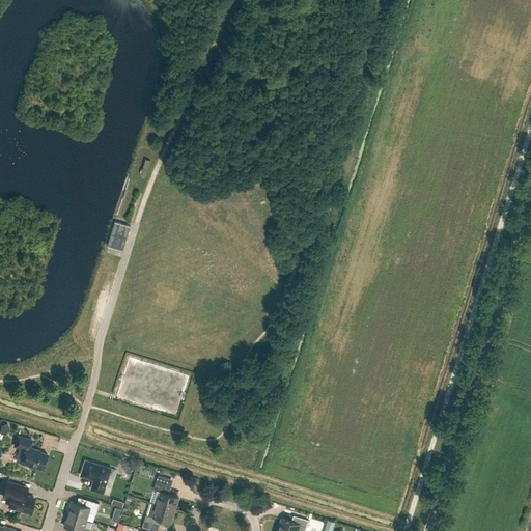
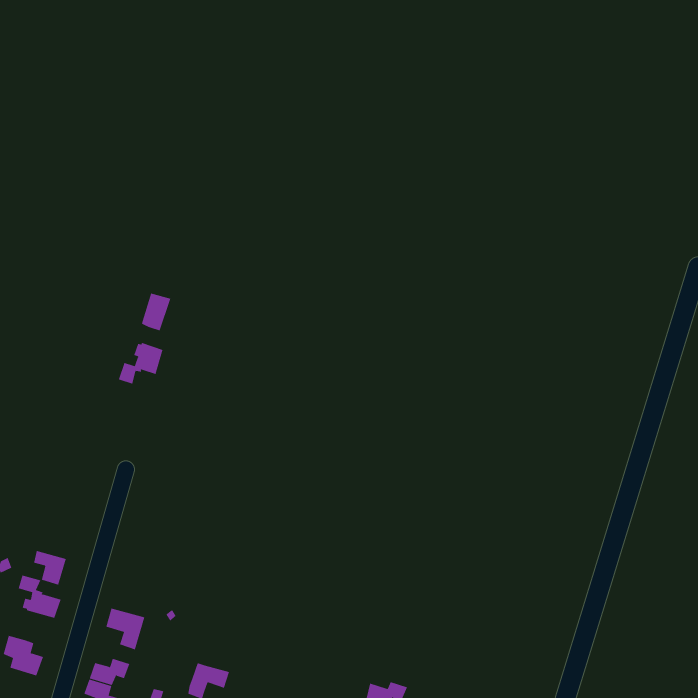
building: none -> [118,342,163,385]
building: none -> [33,550,66,585]
building: [152,476,177,510] -> none

